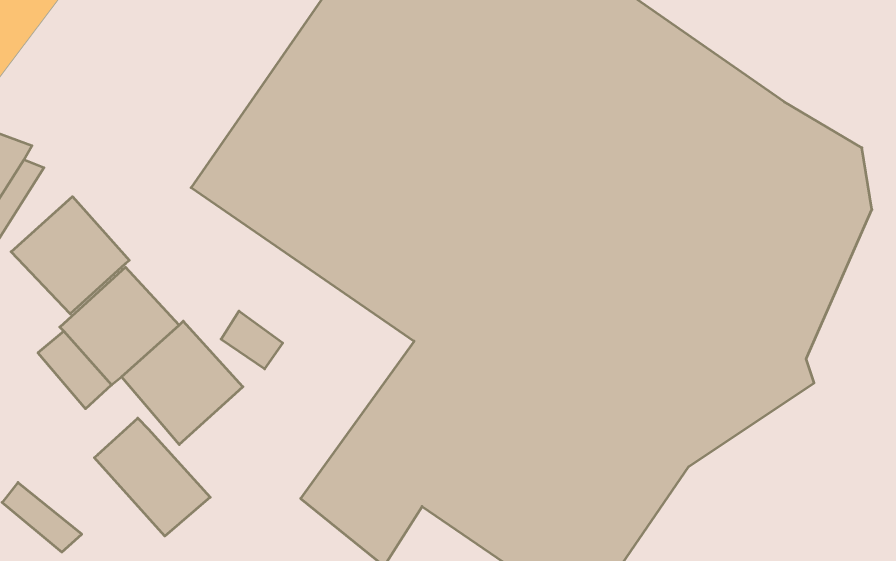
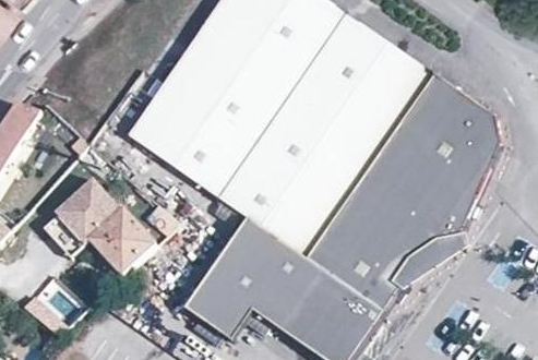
building: [11,197,129,314] -> none
building: [94,418,210,536] -> none

